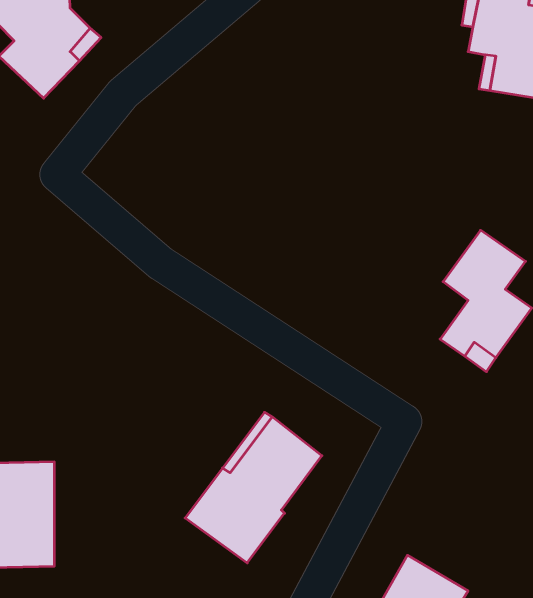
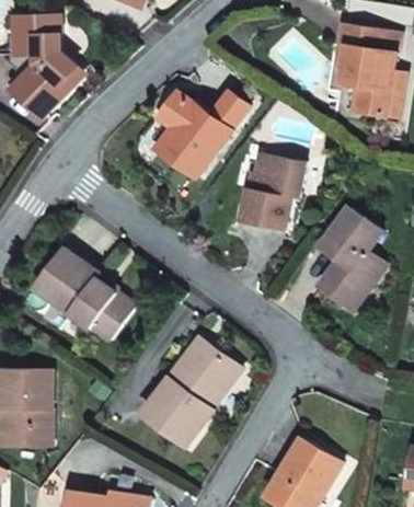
building: none -> [158,90,248,176]
building: none -> [243,153,306,229]
building: none -> [34,247,131,339]

